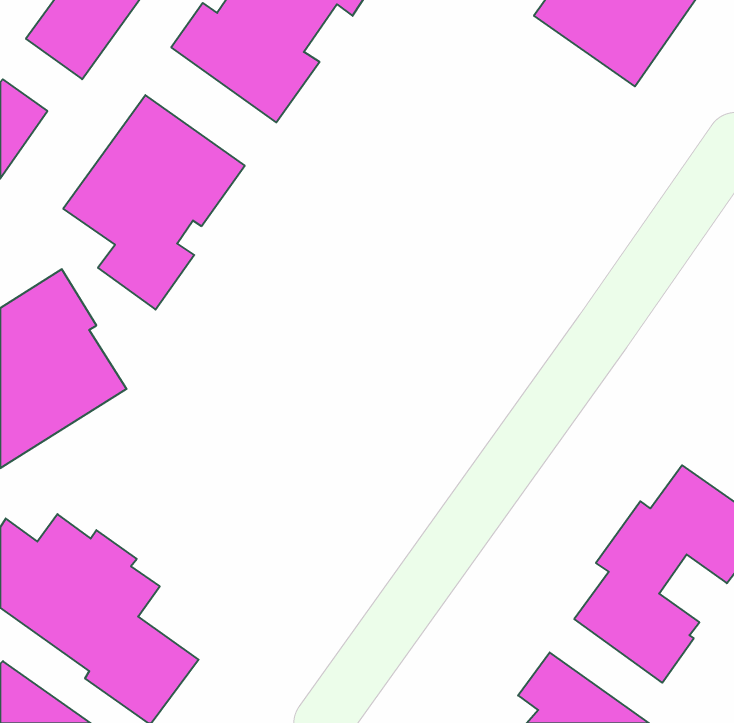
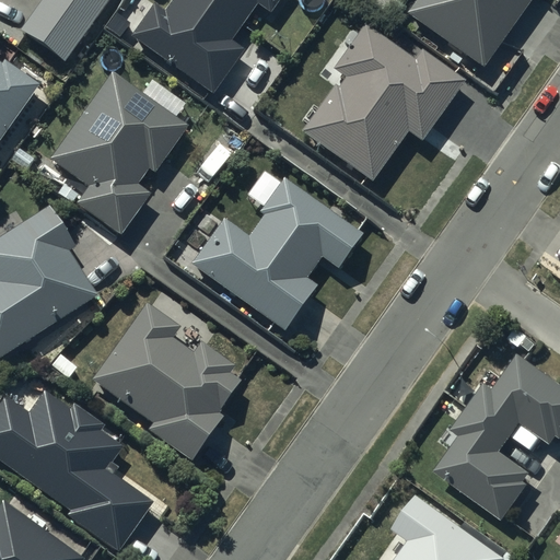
building: none -> [302,23,465,182]
building: none -> [189,178,361,330]
building: none -> [92,301,241,459]

